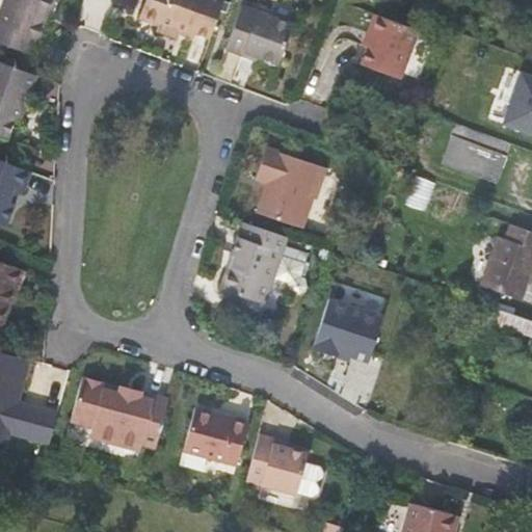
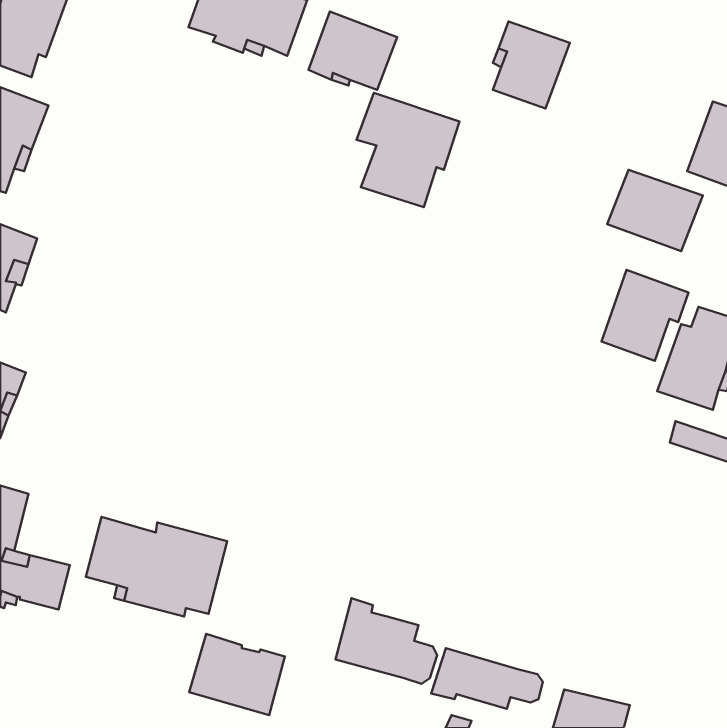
building: [248,143,323,227] -> [357,93,459,207]
building: none -> [601,270,688,361]
building: [214,219,296,302] -> none
building: [315,293,388,362] -> none
building: [179,402,248,461] -> [189,634,285,715]
building: none -> [431,648,543,709]

